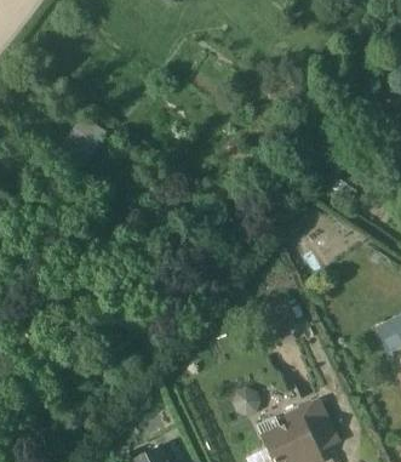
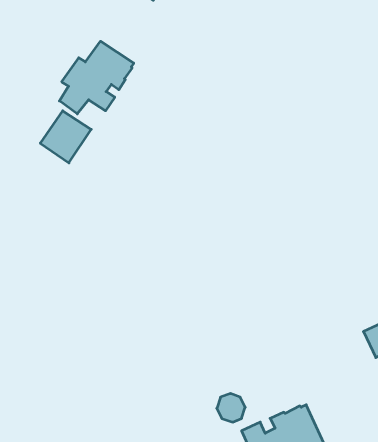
building: none -> [59,41,134,114]

